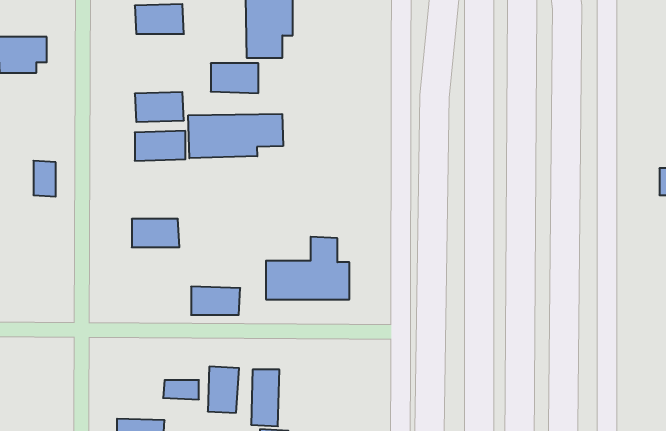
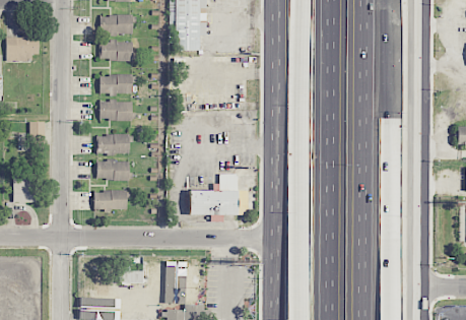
building: [211,63,258,93] -> [101,41,133,61]
building: [188,114,283,158] -> none
building: none -> [96,134,130,153]
building: none -> [13,173,38,202]
building: [191,287,240,315] -> [94,190,128,209]

